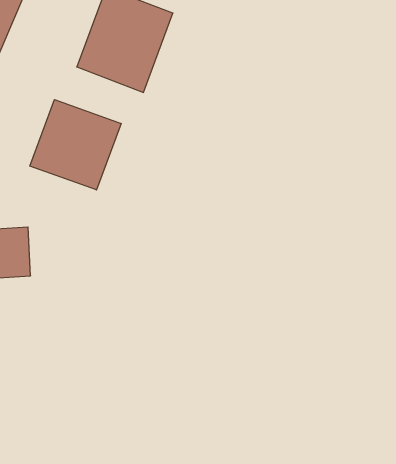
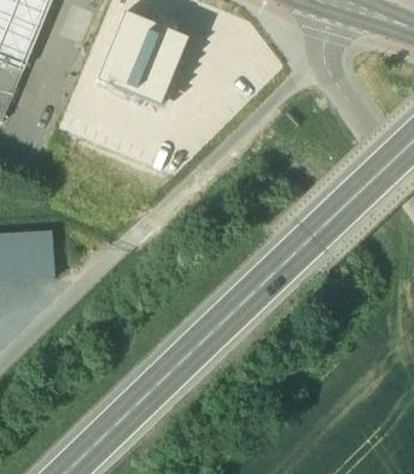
building: [30,100,121,190] -> none

